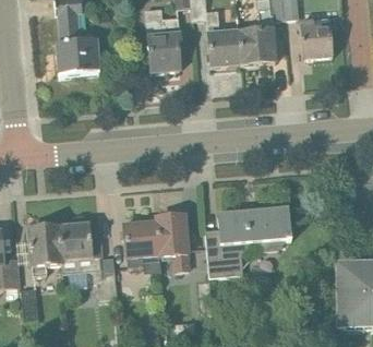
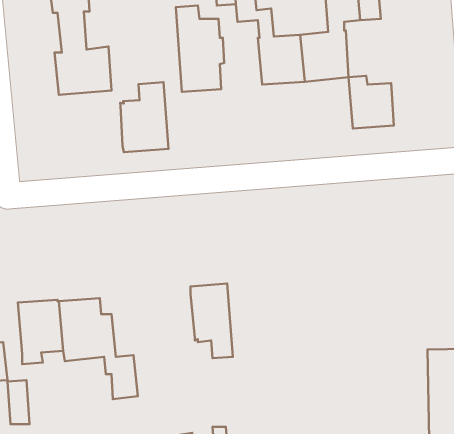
building: [300,16,334,56] -> [349,76,394,129]
building: none -> [120,82,169,152]
building: [206,204,291,274] -> none
building: [127,220,161,264] -> none

